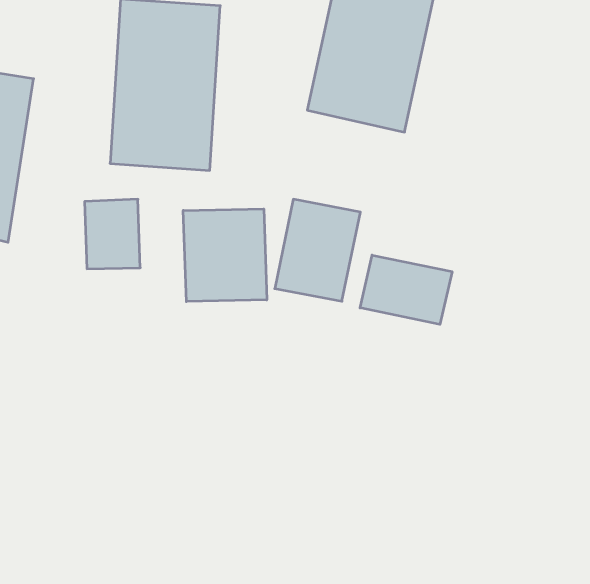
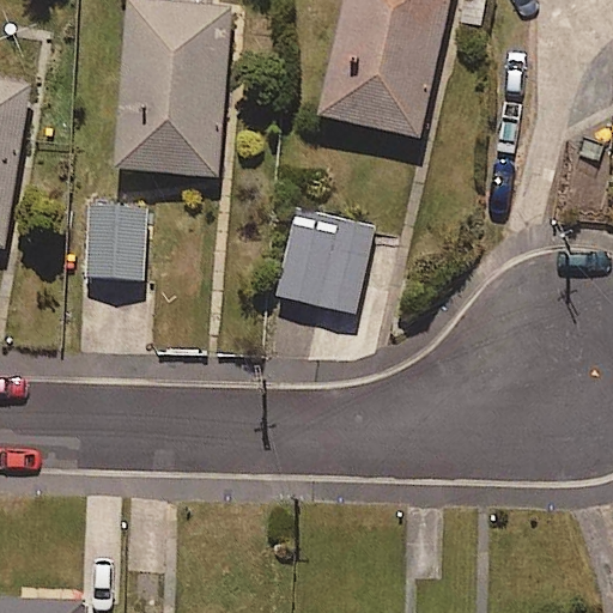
building: [183,209,267,302] -> none
building: [360,255,452,324] -> none

